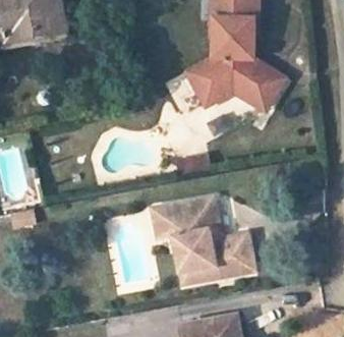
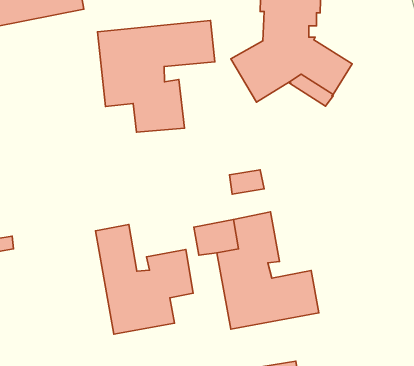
building: none -> [98,21,215,132]
building: none -> [95,225,193,334]

